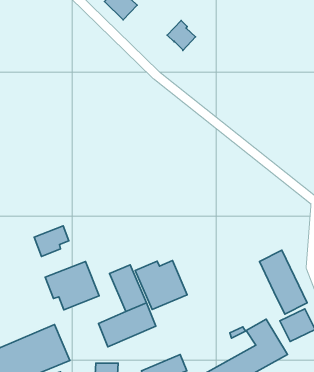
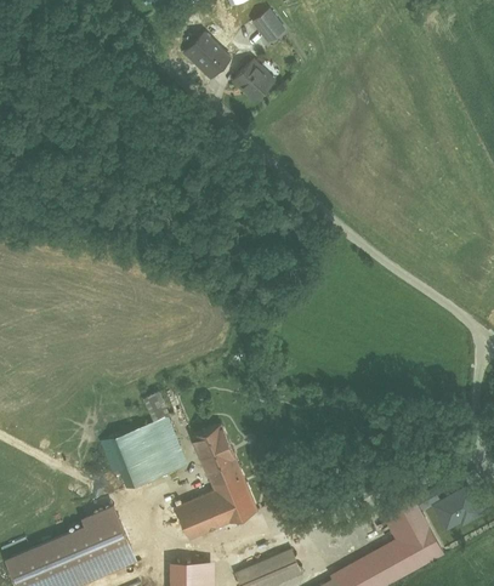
building: [167,20,196,51] -> [233,61,273,103]
building: [34,226,69,257] -> none
building: [260,250,307,314] -> none
building: [135,261,187,310] -> none

